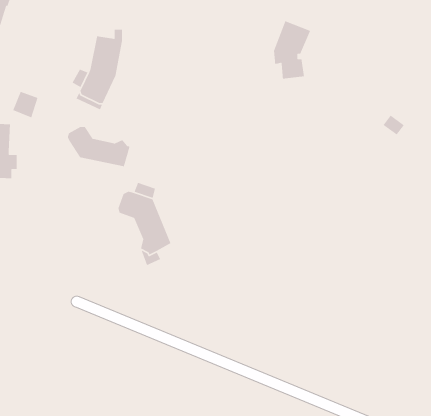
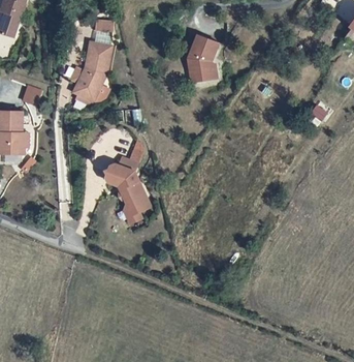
building: [273,20,311,79] -> [187,35,217,82]
building: [67,126,131,167] -> none

